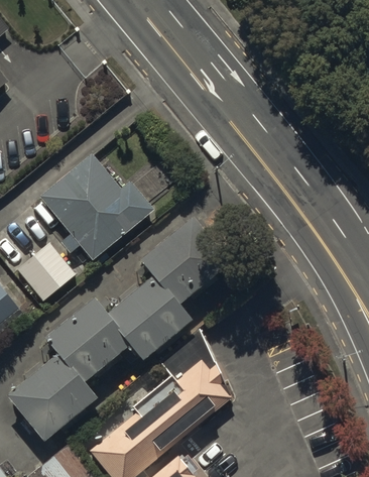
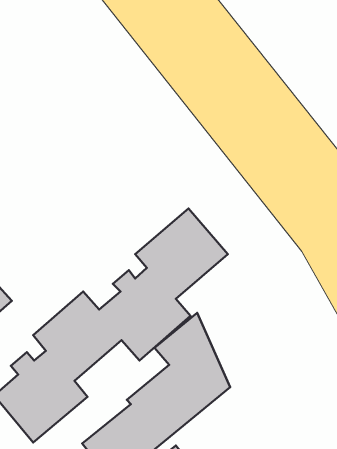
building: [38,155,152,262] -> none
building: [15,240,76,302] -> none

